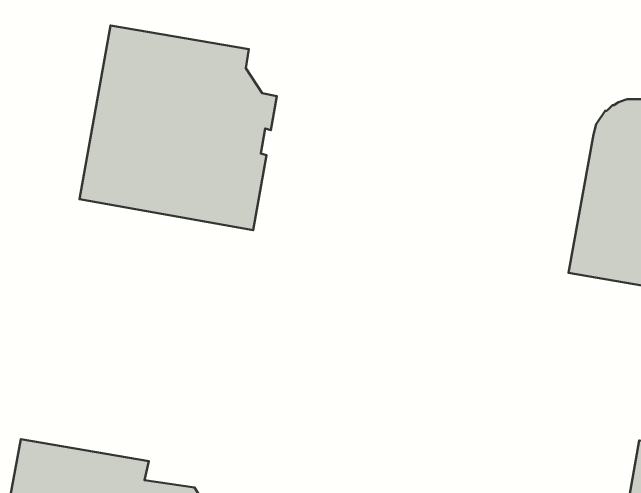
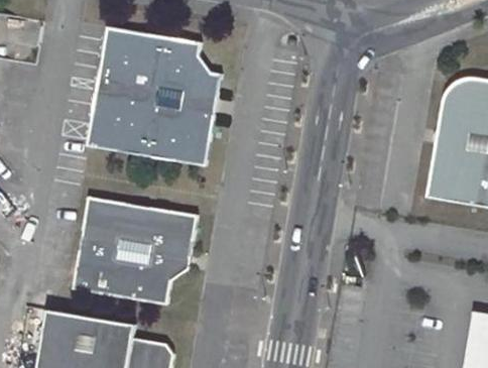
building: none -> [73,196,199,304]

